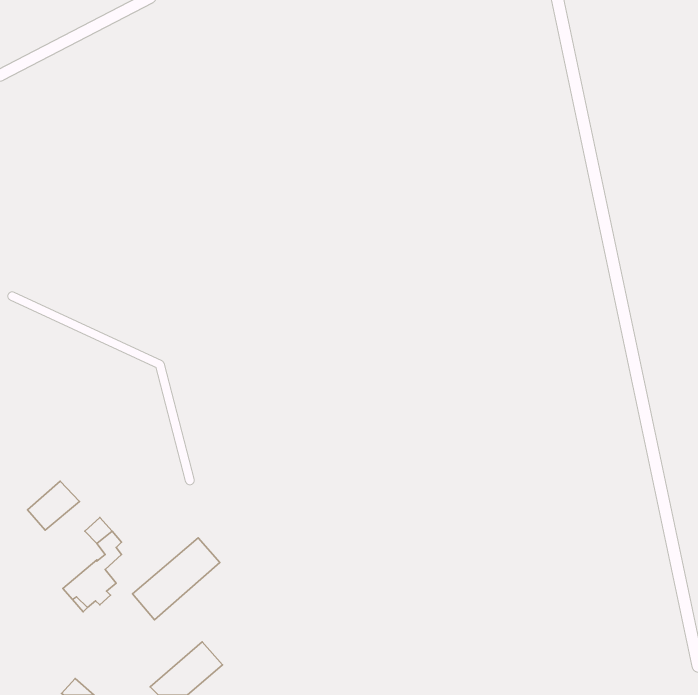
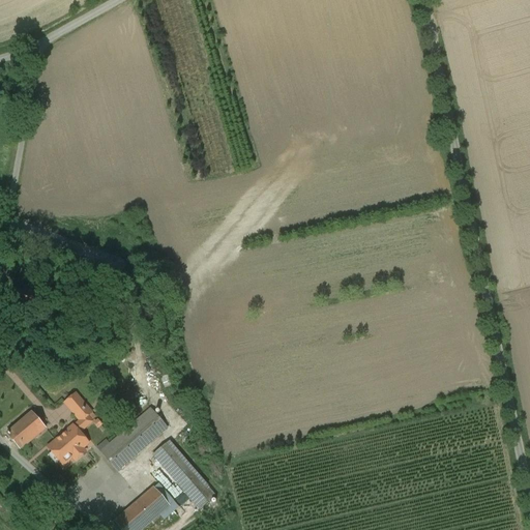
building: [28,481,79,530] -> [6,411,46,448]
building: none -> [153,441,214,507]

